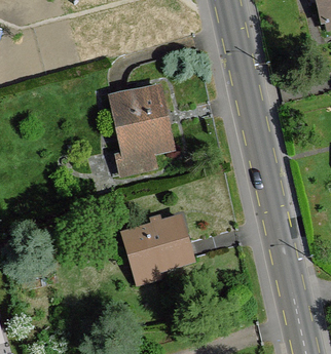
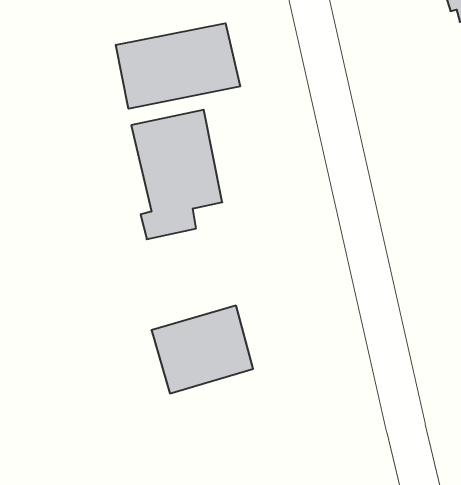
building: none -> [116,23,240,109]

